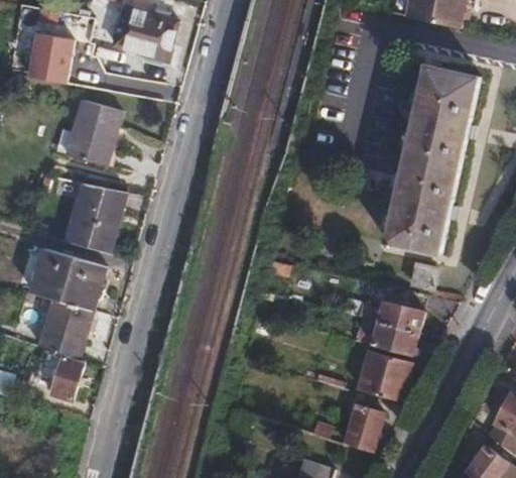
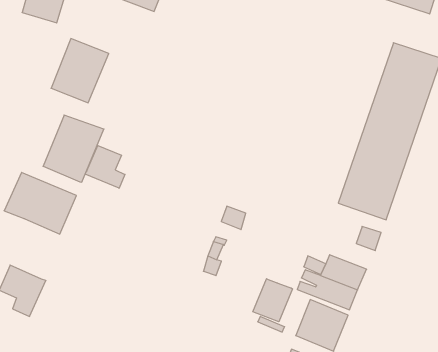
building: none -> [85,145,125,188]
building: [38,297,93,360] -> none
building: none -> [253,279,292,322]

